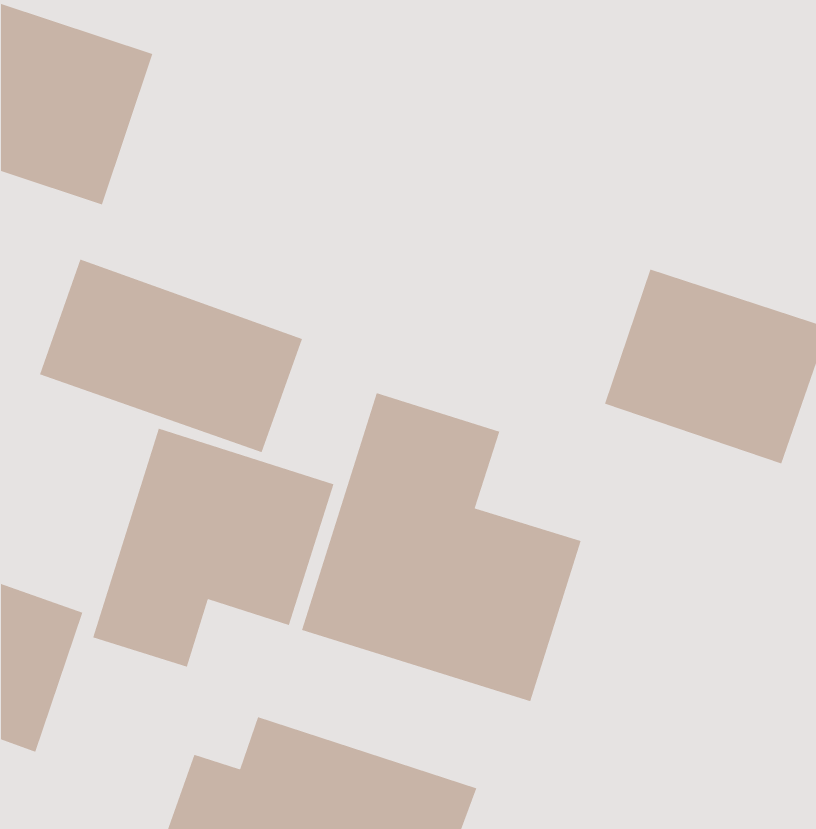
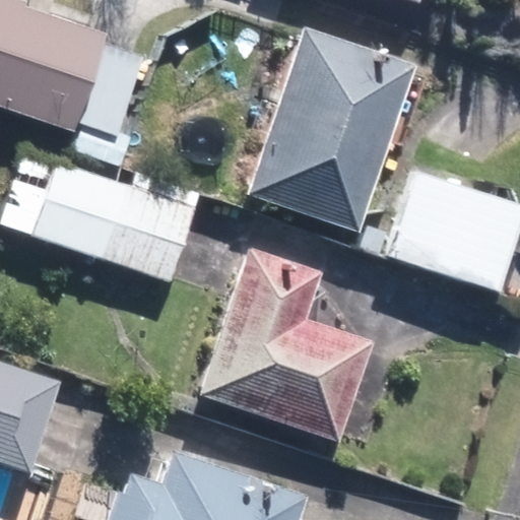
building: none -> [248,27,414,230]
building: [92,428,334,668] -> none

